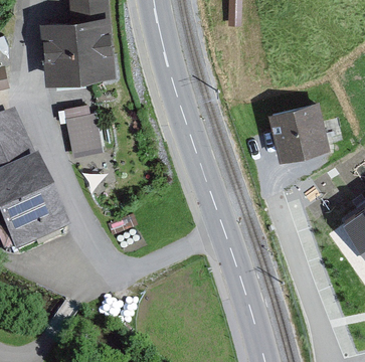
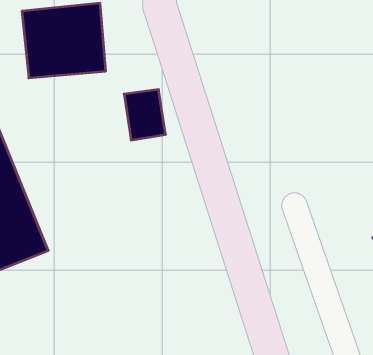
building: [267,103,333,161] -> none
building: [70,116,107,160] -> [124,90,166,140]

